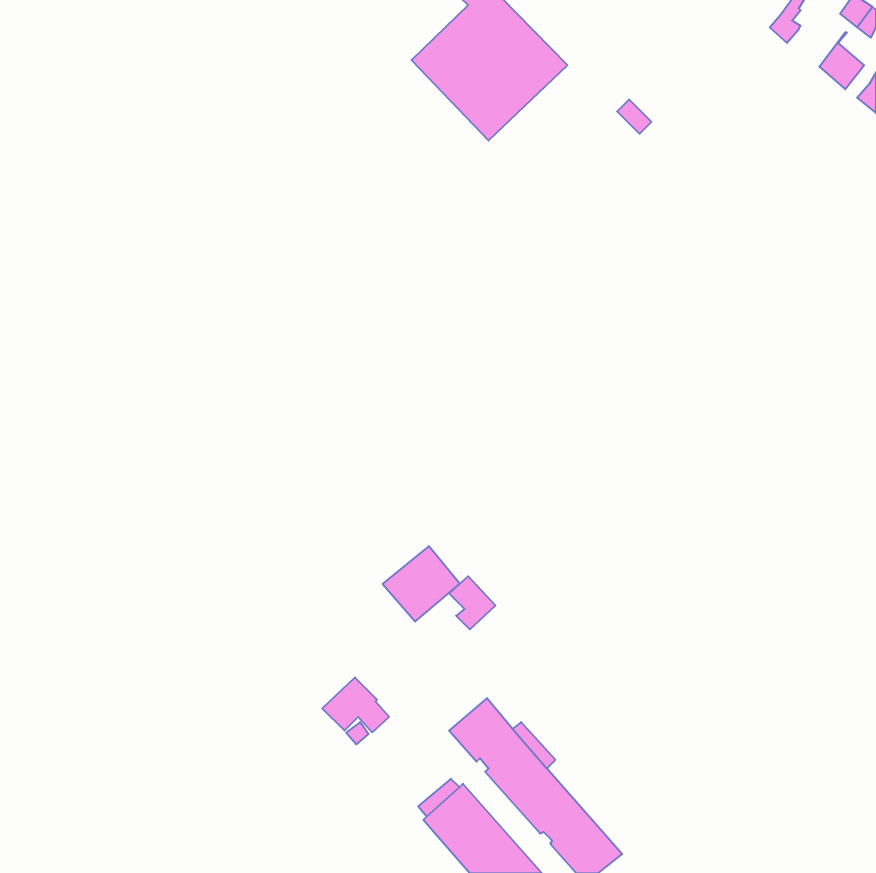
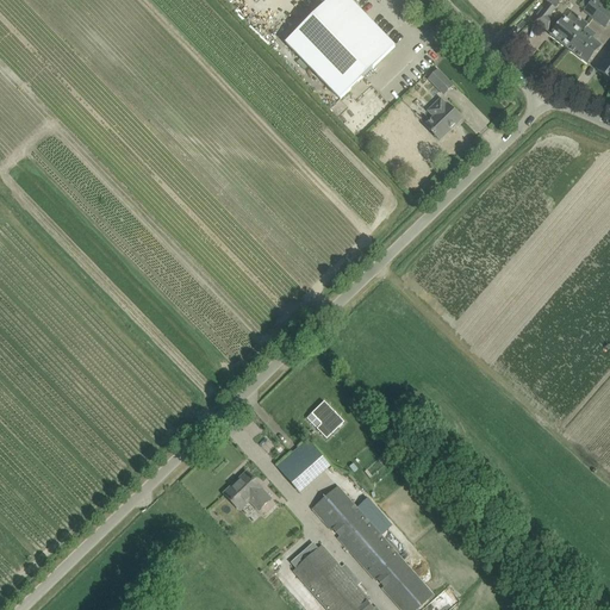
building: none -> [550,10,587,46]
building: none -> [425,98,461,138]
building: [383,546,460,622] -> [275,437,329,490]

